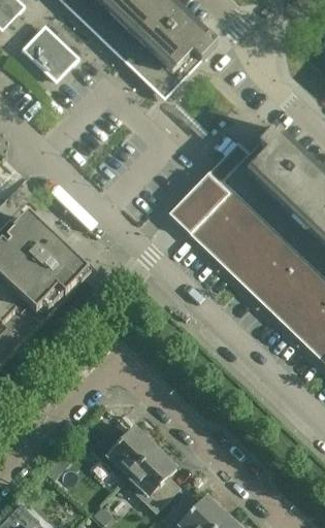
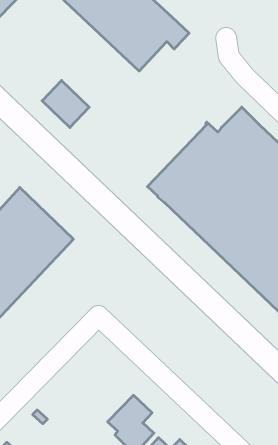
building: [24,26,76,78] -> [42,80,89,128]
building: [89,425,155,476] -> none

